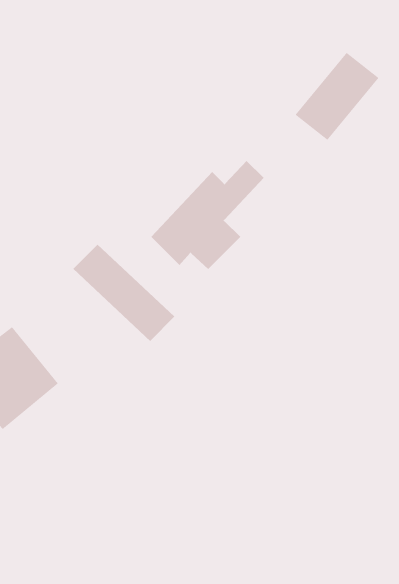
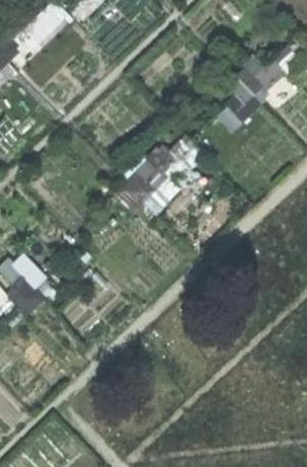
building: [73,244,175,342] -> none

